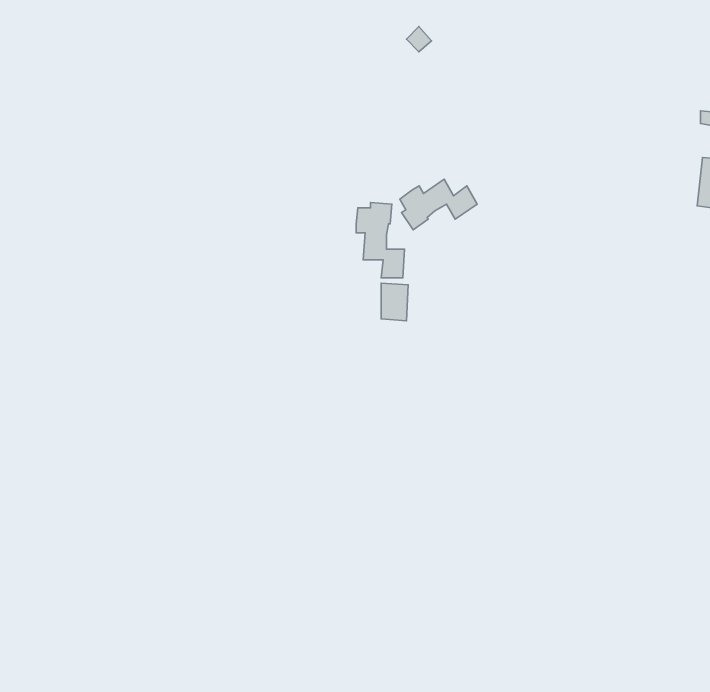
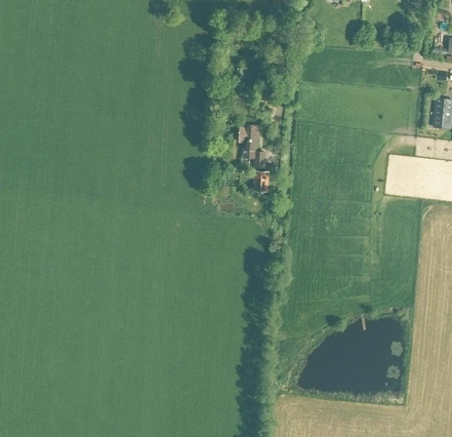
building: [400,179,477,230] -> none

